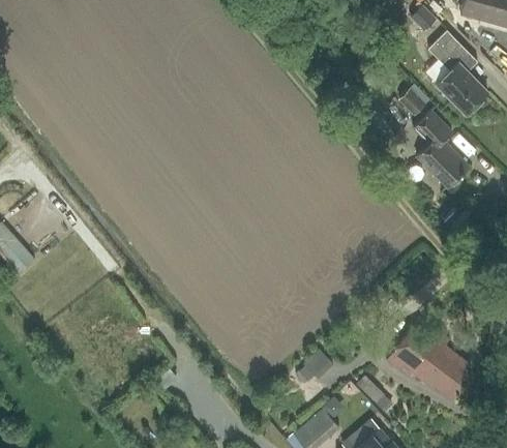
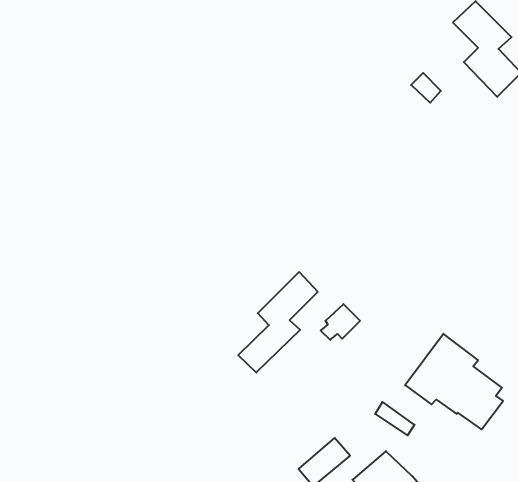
building: [413,112,469,188] -> none
building: none -> [238,272,318,373]
building: [298,350,332,381] -> [321,304,360,340]

